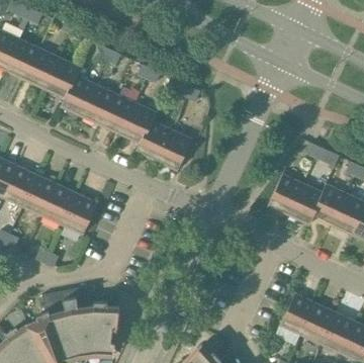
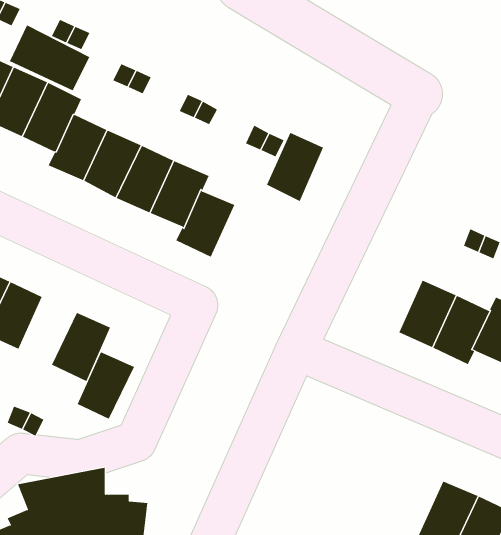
building: none -> [9,25,90,91]
building: [157,129,191,171] -> [266,132,324,202]
building: [42,184,77,224] -> [77,351,135,420]

